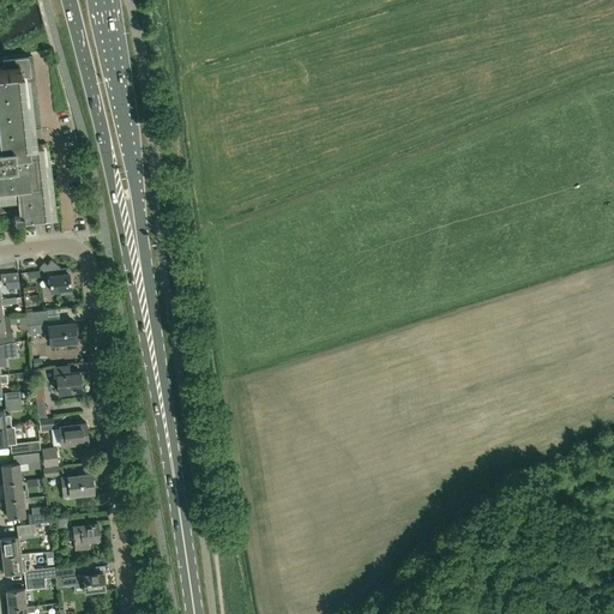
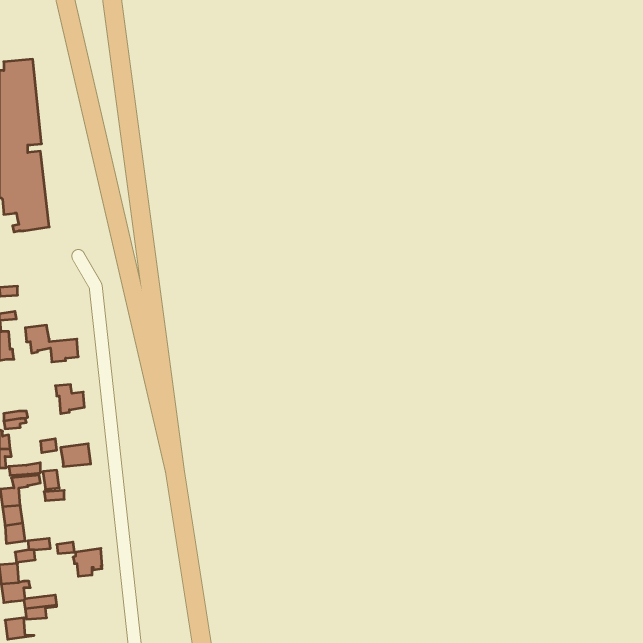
building: [37,260,70,294] -> none
building: [60,475,92,498] -> none
building: [60,567,103,595] -> none

